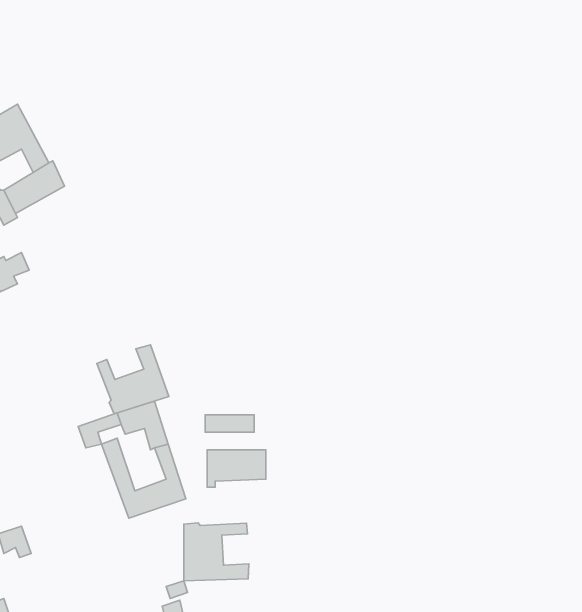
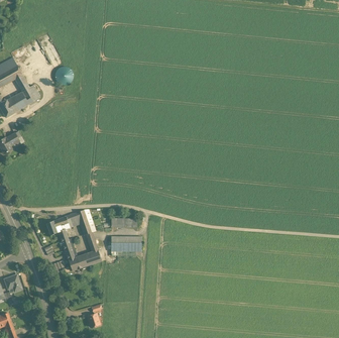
building: [97,345,169,414] -> none
building: [184,523,249,581] -> none

